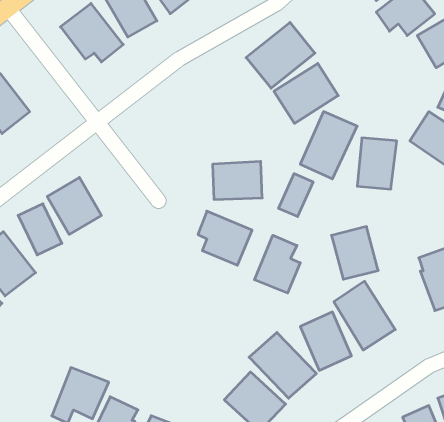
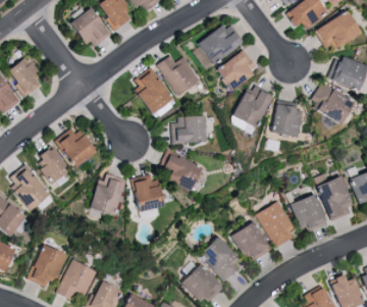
building: none -> [159,54,202,95]
building: none -> [136,68,172,112]
building: [279,174,313,217] -> none
building: [331,227,378,279] -> [292,195,324,232]
building: [254,235,300,293] -> none
building: none -> [89,173,128,215]
building: none -> [133,175,161,210]
building: none -> [30,245,65,288]

